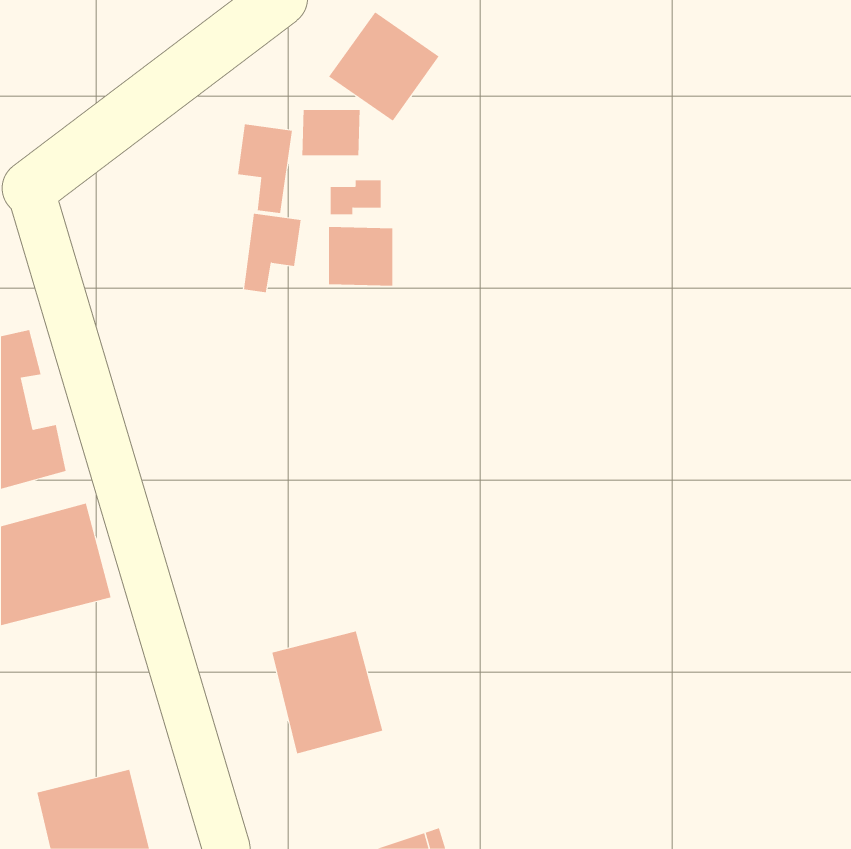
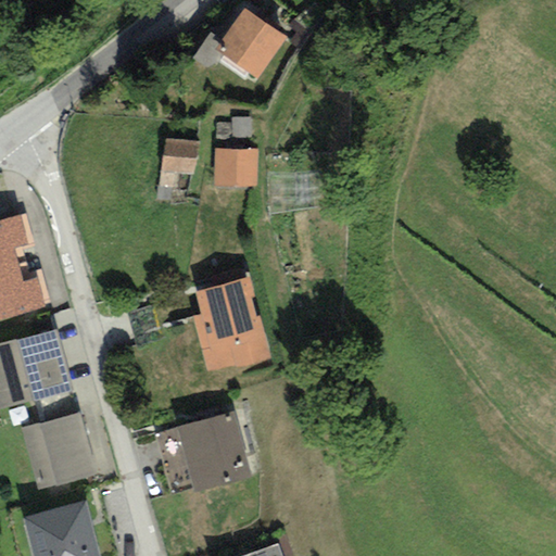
building: [302,109,360,156] -> none
building: [238,124,293,214] -> none
building: none -> [192,277,270,370]
building: none -> [24,413,93,486]

